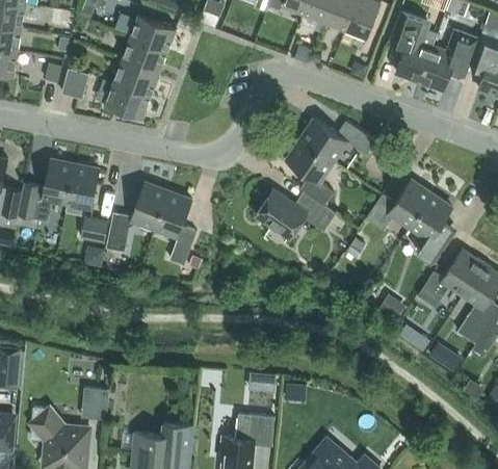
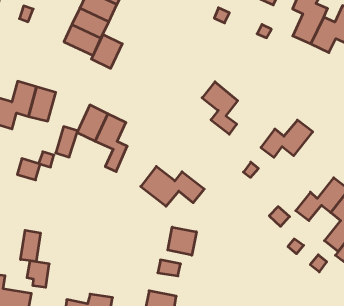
building: [60,69,87,98] -> none
building: none -> [91,34,122,68]
building: [300,119,374,161] -> none
building: [255,188,336,238] -> [141,166,204,206]
building: [409,193,455,263] -> none
building: [80,216,108,242] -> [17,159,40,180]
building: none -> [168,227,196,255]
building: none -> [21,230,40,262]

